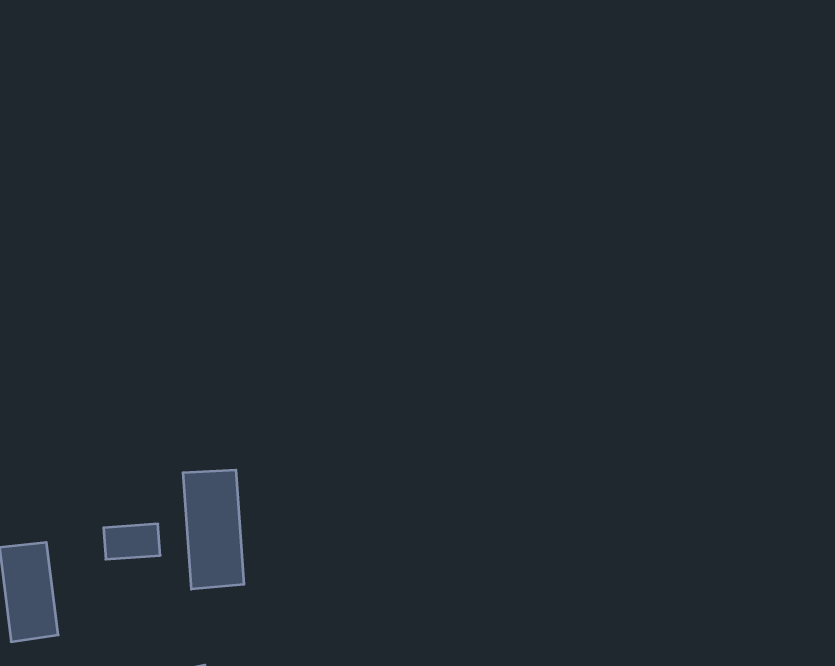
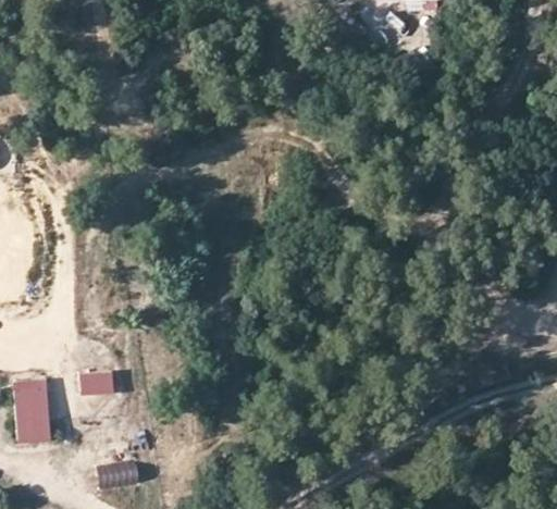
building: [183,470,244,589] -> none

